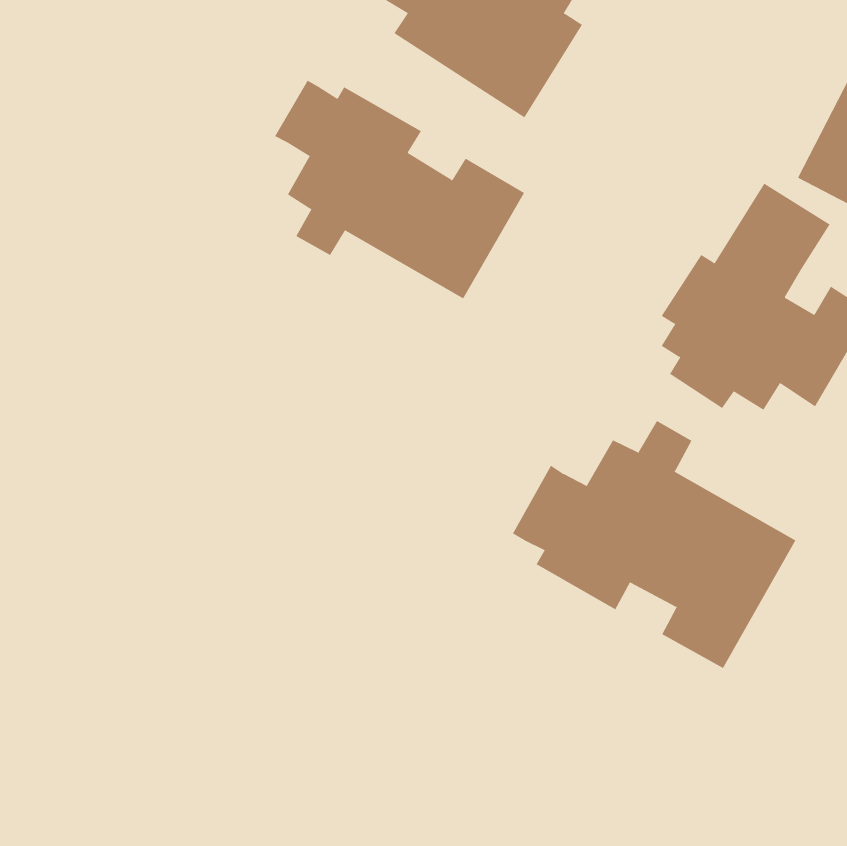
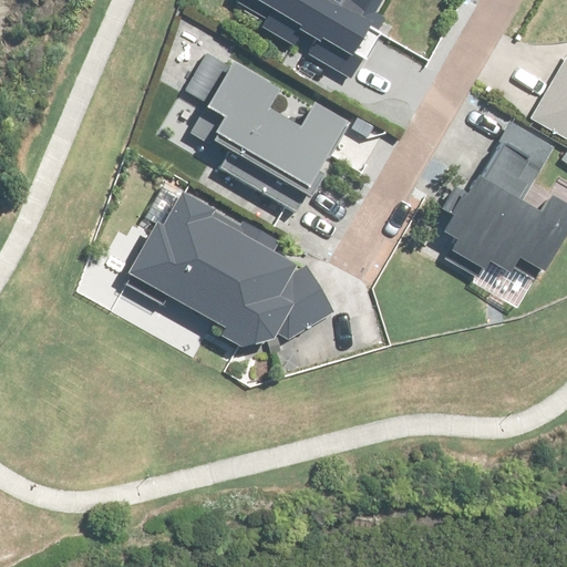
building: none -> [121,192,334,343]
building: [512,420,796,669] -> none

